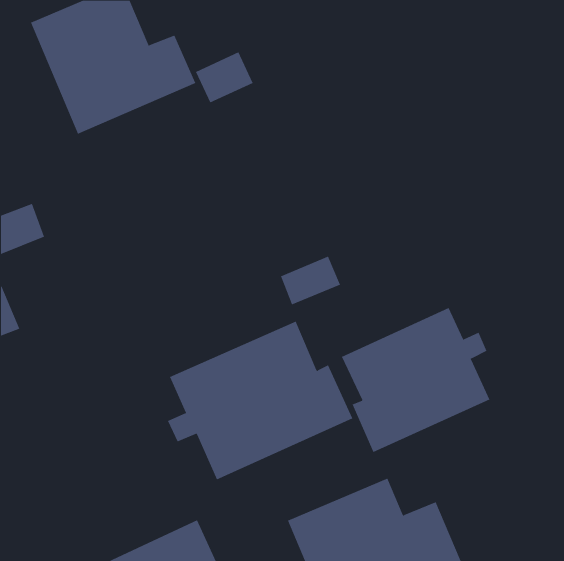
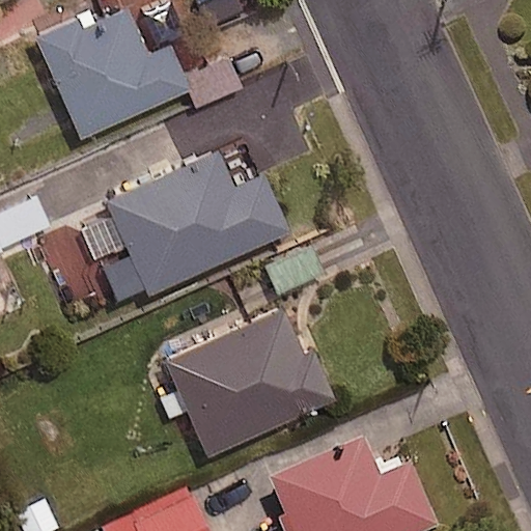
building: none -> [52,152,288,320]
building: [341,307,490,453] -> none

